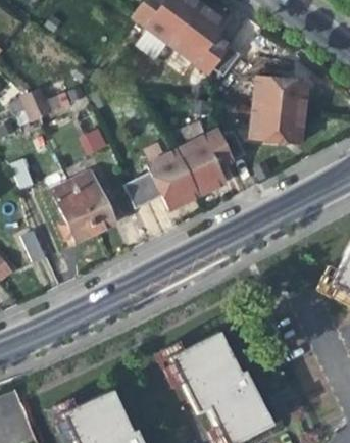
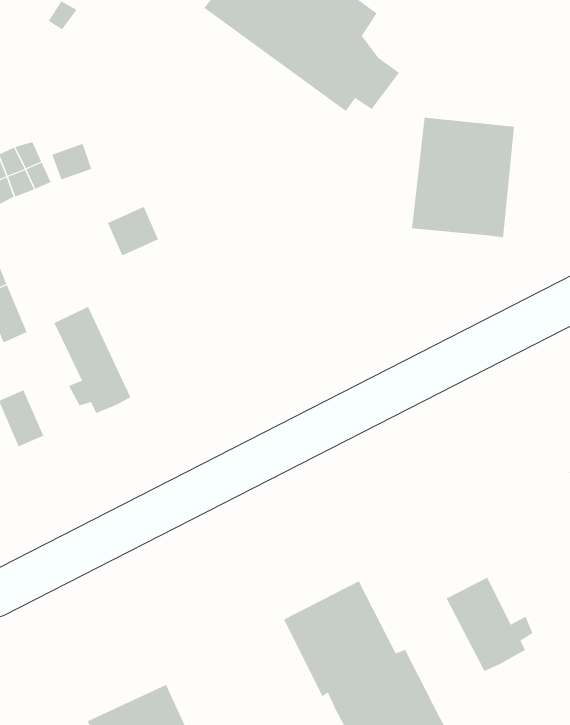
building: [123,131,245,211] -> none
building: [70,173,118,232] -> none
building: none -> [446,577,533,672]

